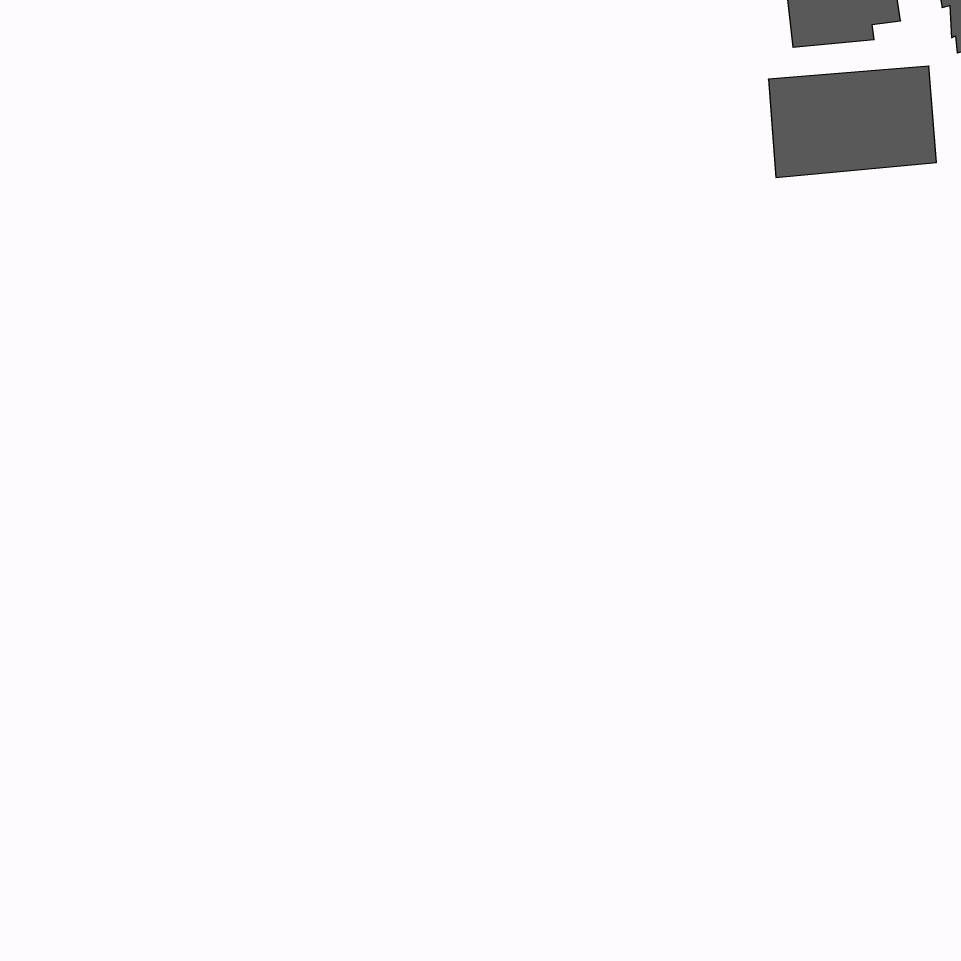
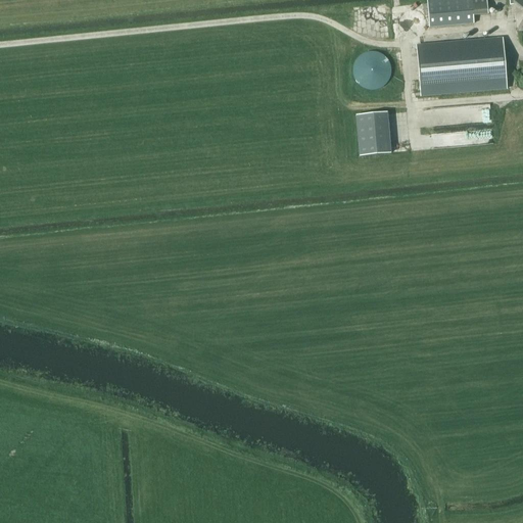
building: none -> [354,50,393,89]
building: none -> [356,111,390,155]

